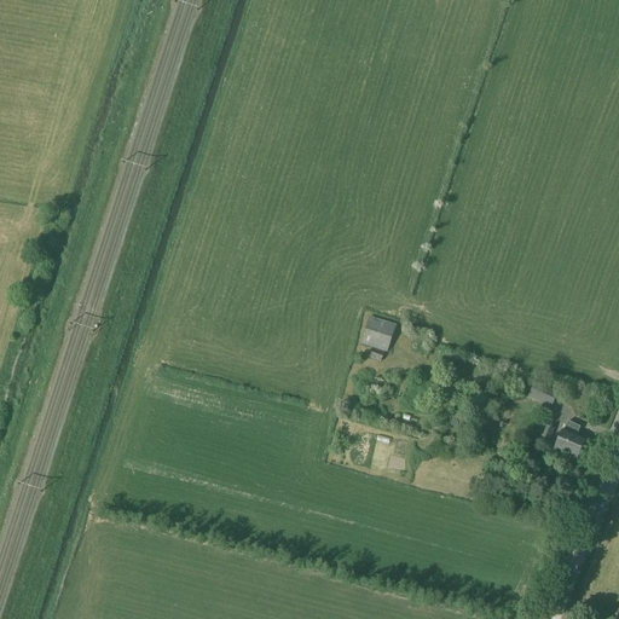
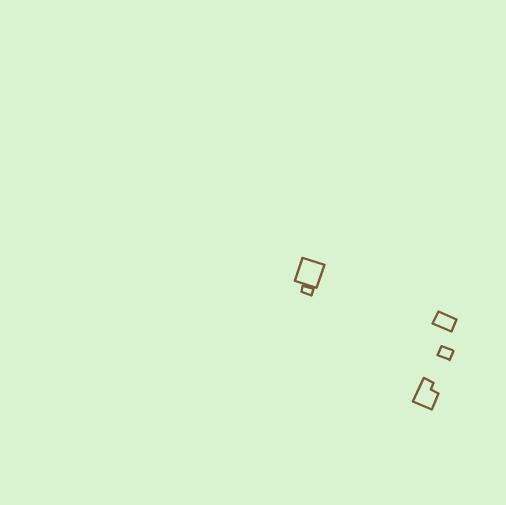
building: [553,420,584,458] -> [413,378,439,409]

